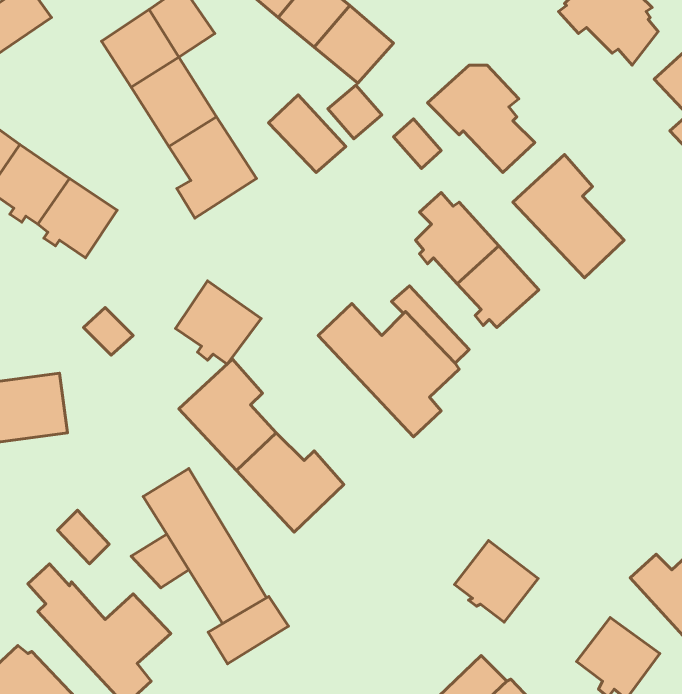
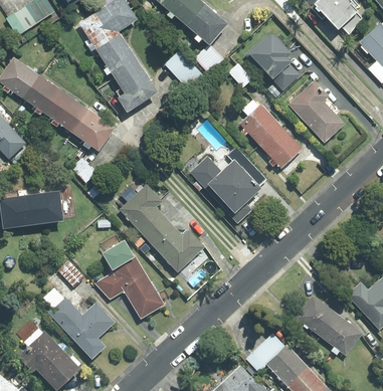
building: [176,281,261,364] -> [72,109,116,151]
building: [455,541,538,622] -> [296,296,338,337]
building: [208,596,289,664] -> none

